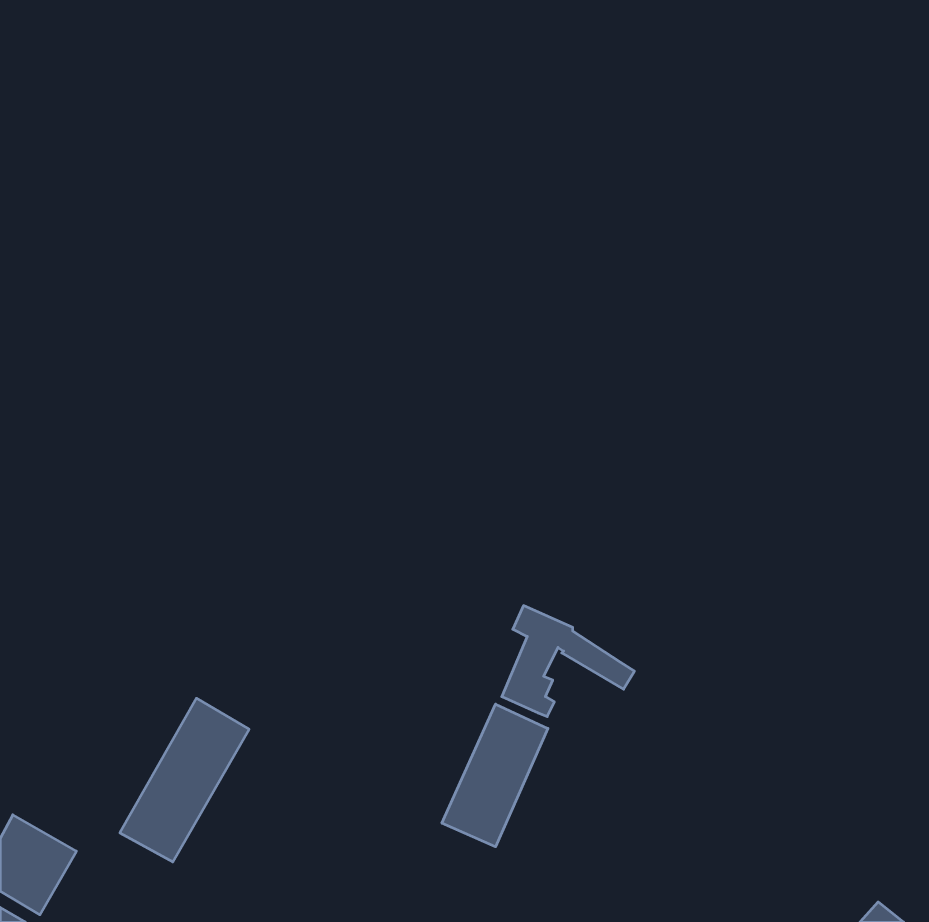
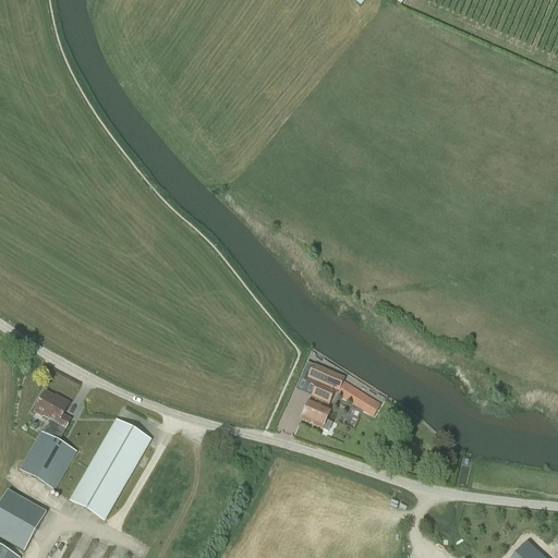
building: none -> [21,389,75,486]
building: [442,704,548,847] -> none

